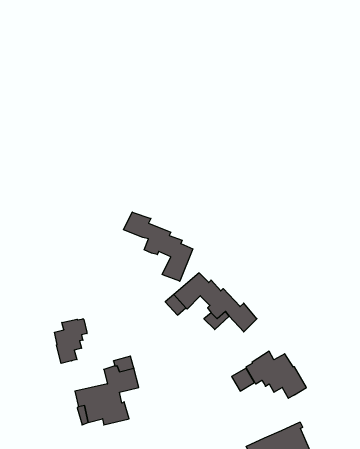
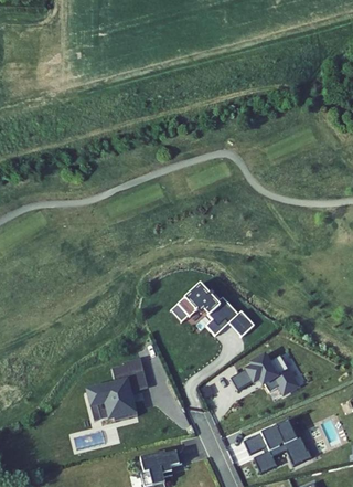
building: [124,212,193,281] -> none
building: [55,319,87,363] -> none

